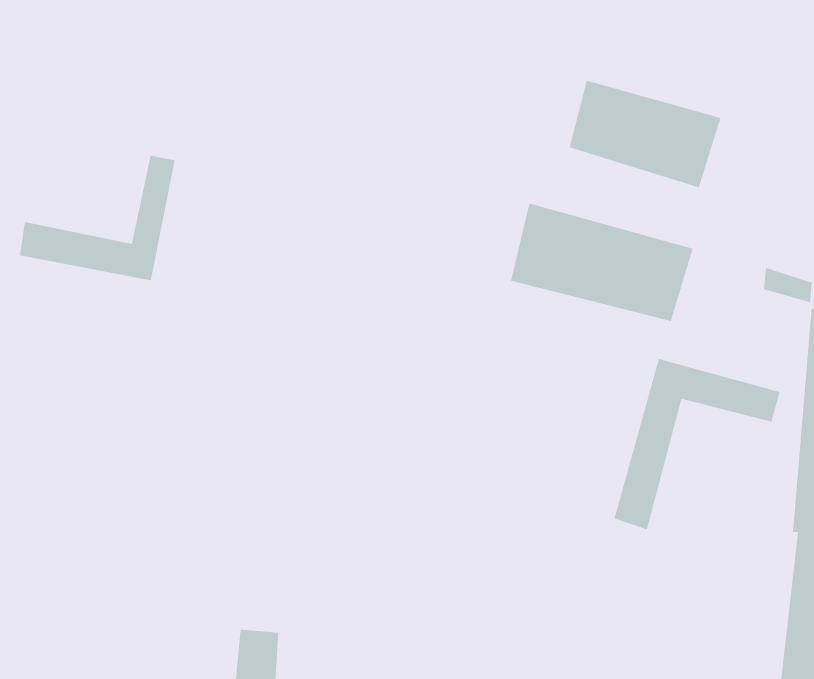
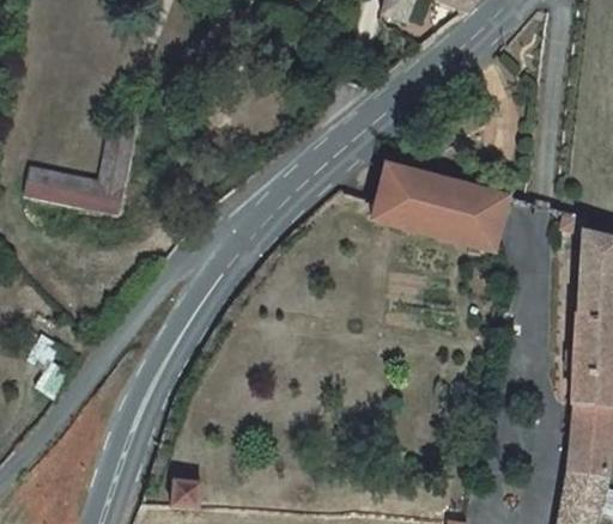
building: [569,80,721,188] -> none
building: [614,358,780,530] -> none

